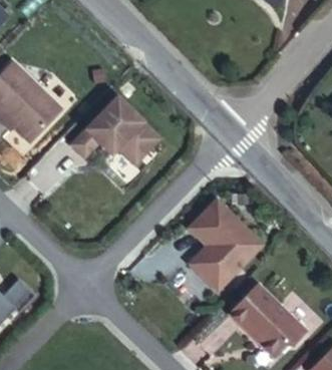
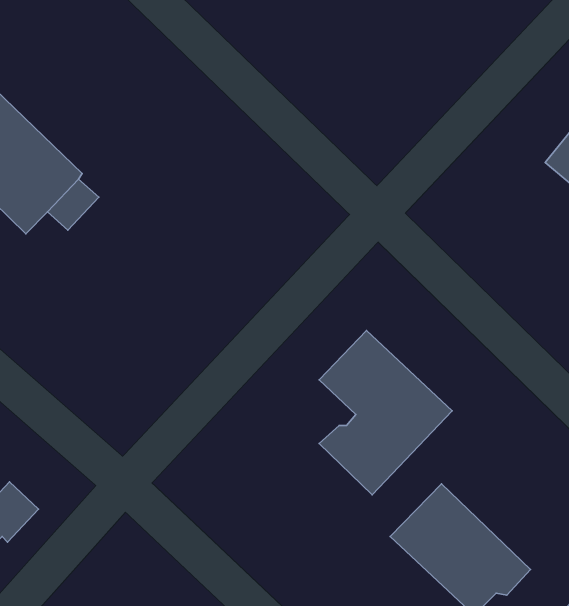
building: [72,103,157,166] -> none

